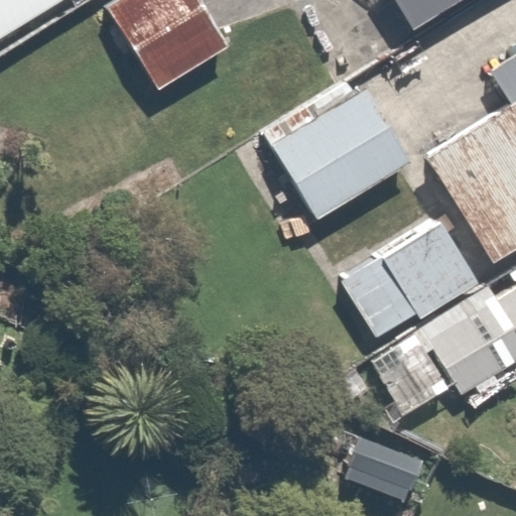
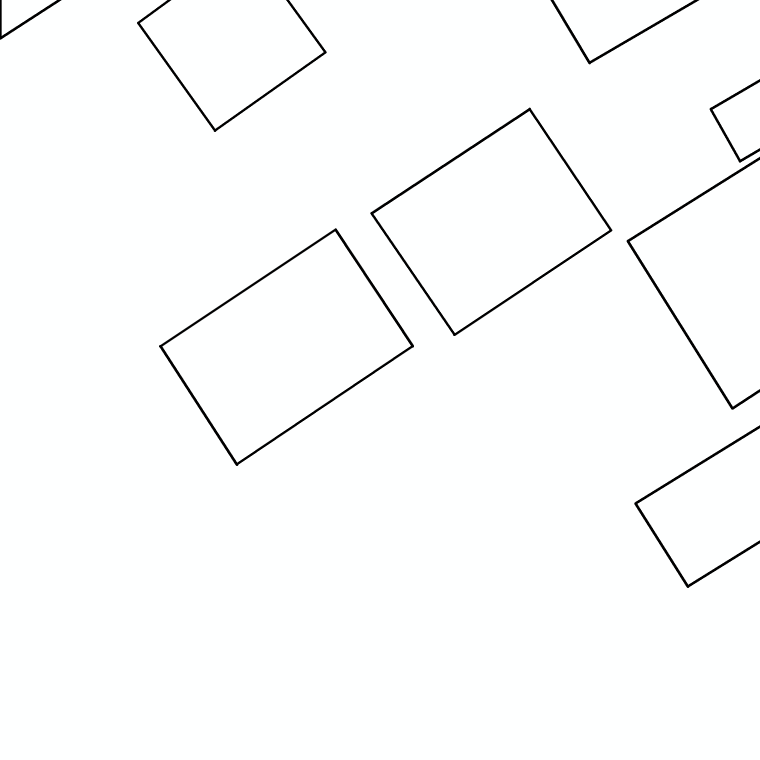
building: none -> [160,230,413,465]
building: [339,222,488,347] -> none

